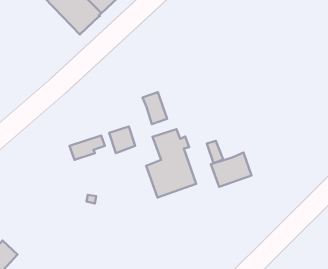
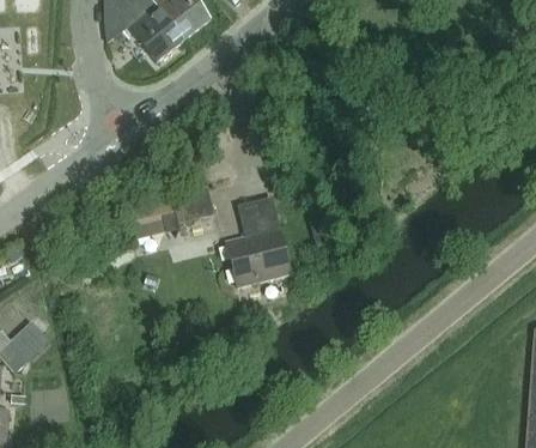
building: [143,92,167,124] -> none
building: [211,153,252,187] -> none

